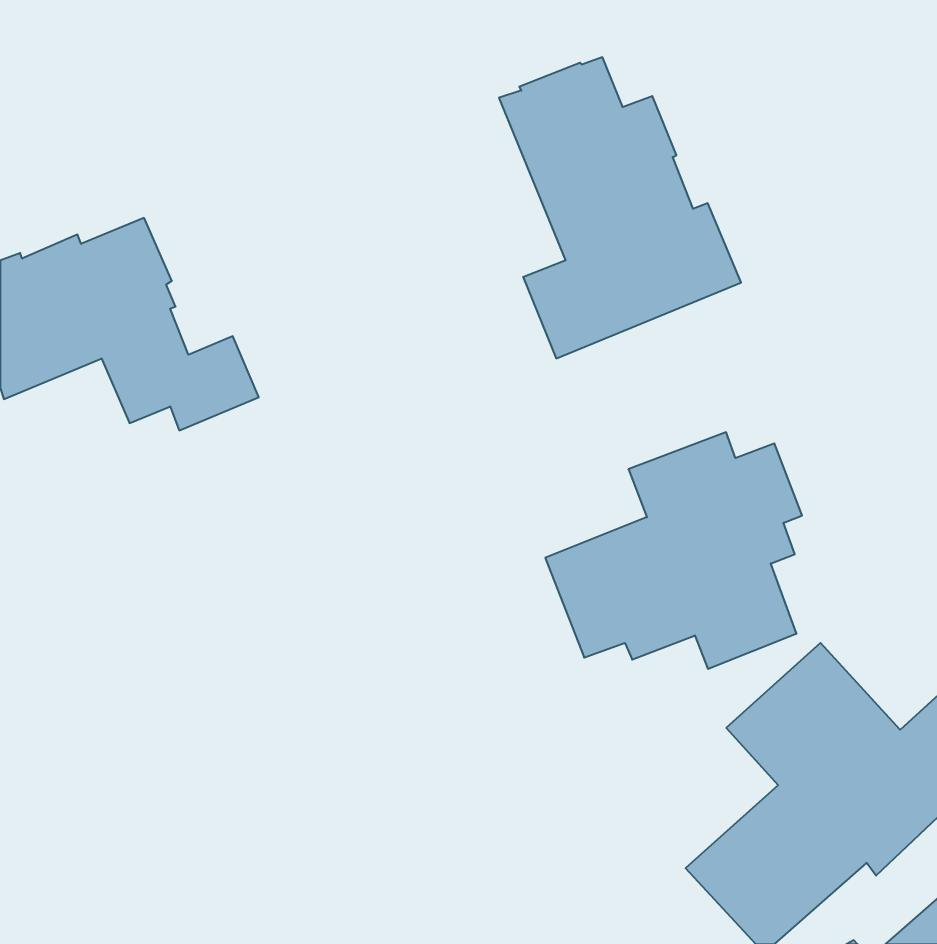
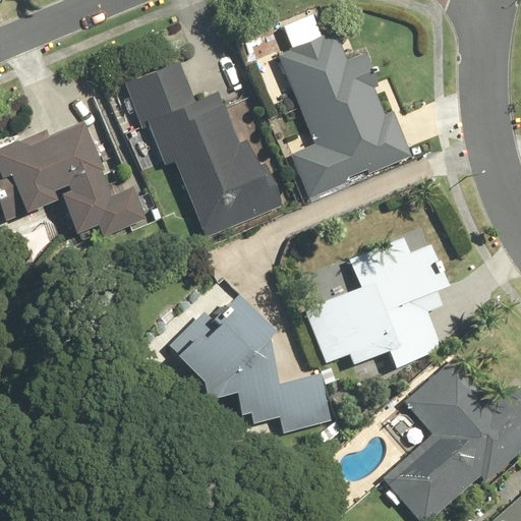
building: none -> [123,59,284,238]
building: none -> [169,293,332,432]

